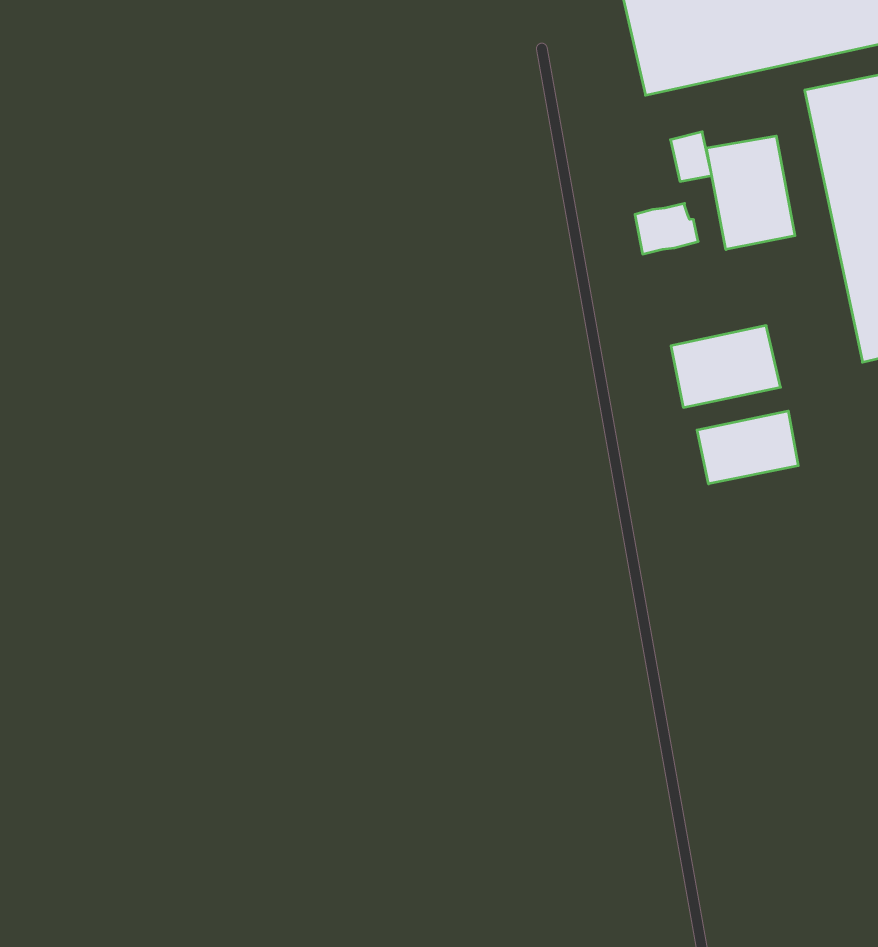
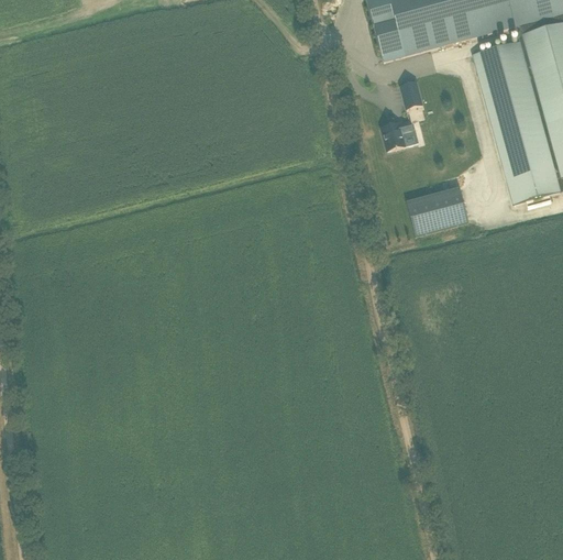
building: [706,136,795,250] -> none
building: [697,411,798,484] -> none

